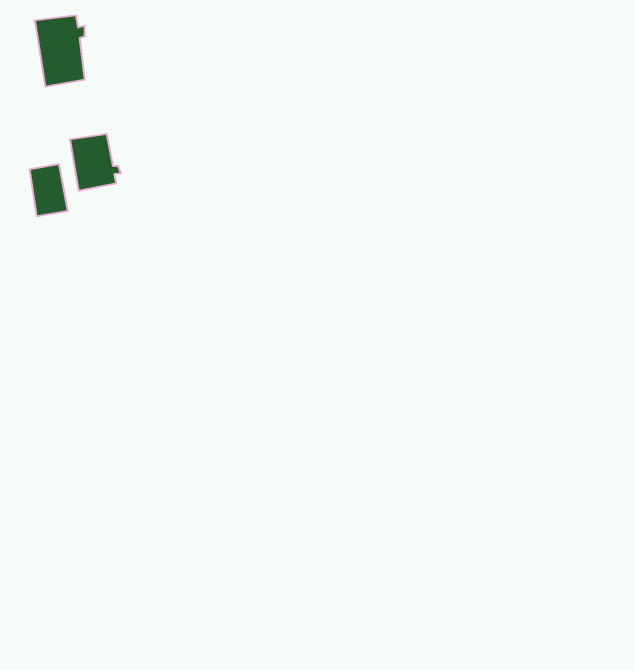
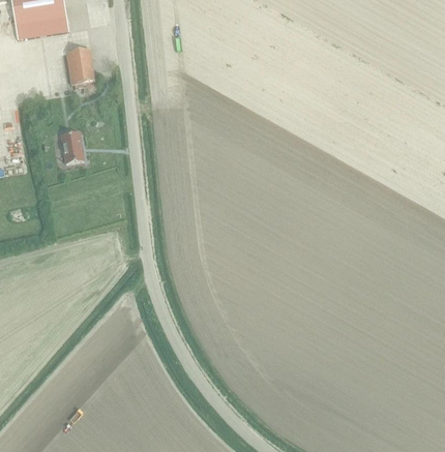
building: [70,134,121,191] -> none

